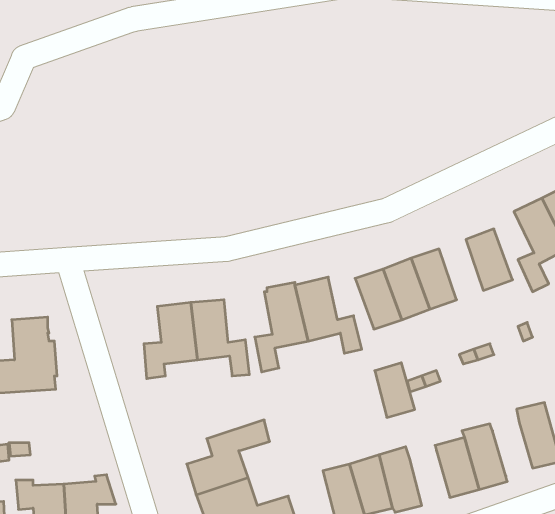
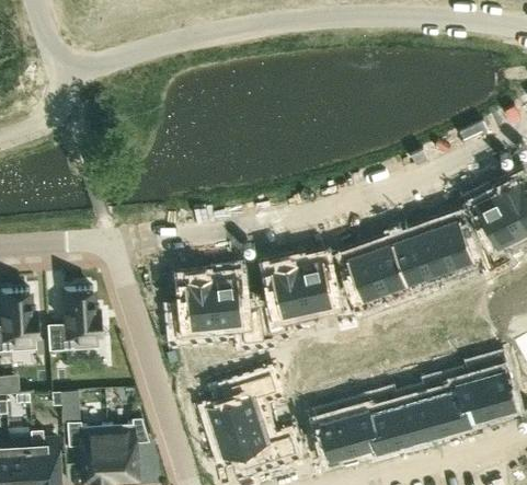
building: none -> [414,227,450,276]
building: [375,363,415,417] -> [390,400,423,444]
building: none -> [458,377,491,420]

